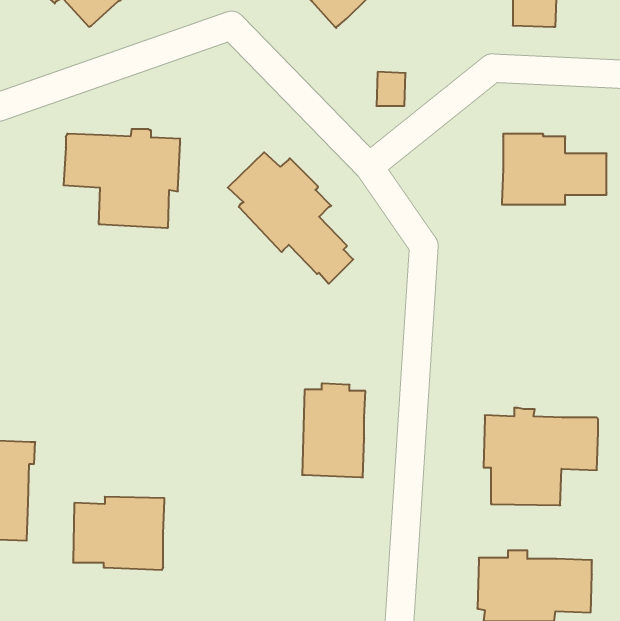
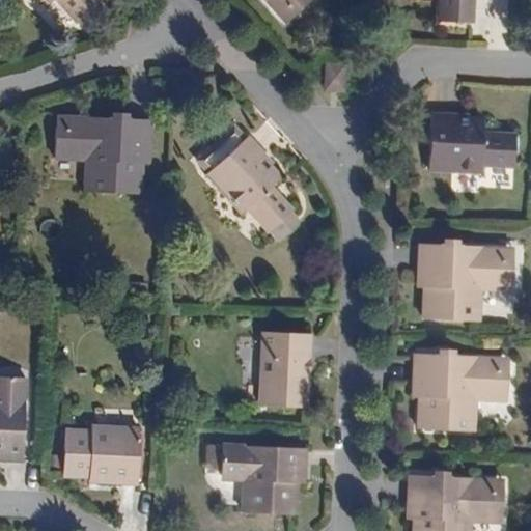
building: none -> [415,237,512,319]
building: none -> [222,441,307,513]

